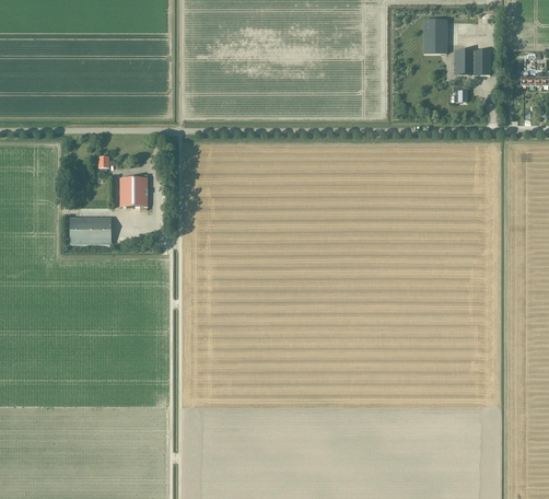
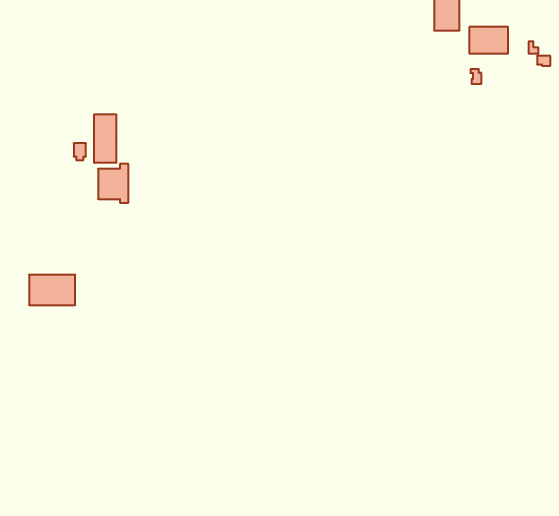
building: none -> [94,114,116,163]
building: [70,217,112,244] -> [29,275,75,305]

